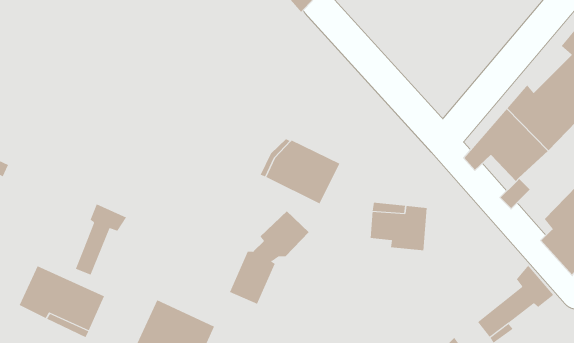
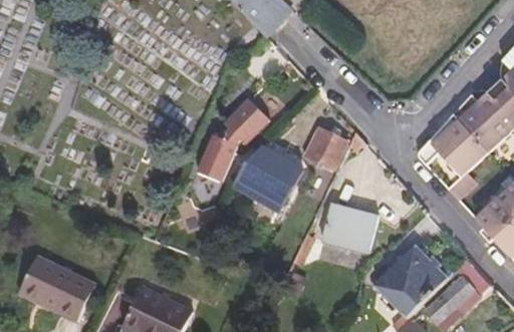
building: none -> [306,127,347,169]
building: [75,203,127,275] -> none
building: [229,211,309,304] -> [198,99,269,183]
building: none -> [378,247,449,317]

